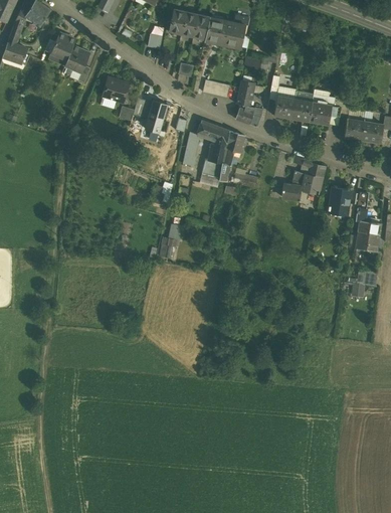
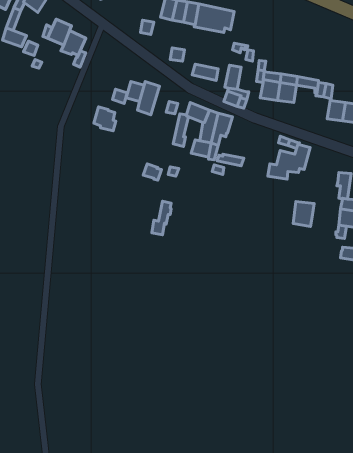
building: [103,78,126,104] -> [94,107,116,131]
building: [309,103,331,125] -> none
building: [329,188,351,214] -> [293,201,314,226]

